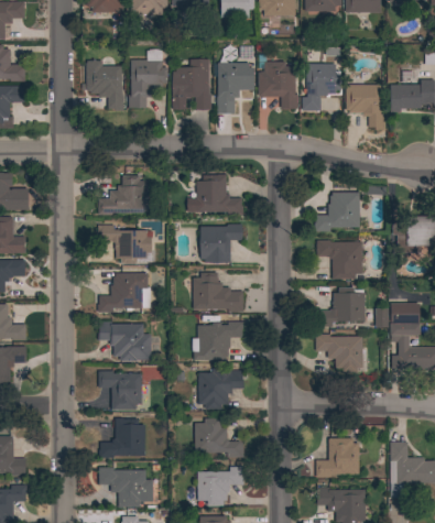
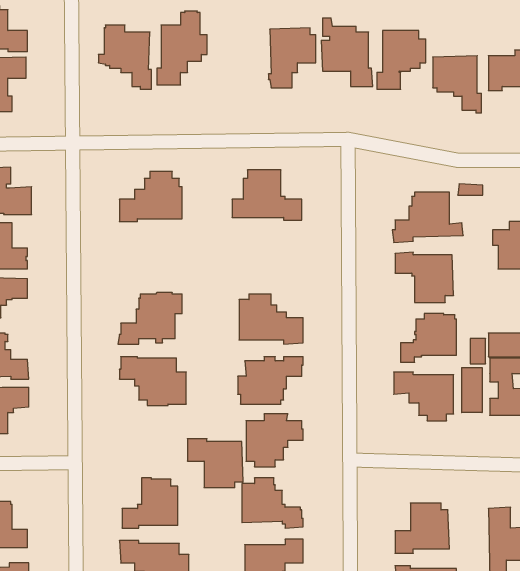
building: [172,59,211,110] -> none
building: [200,225,242,263] -> none
building: [98,226,152,264] -> none
building: none -> [462,368,482,413]
building: [98,371,142,410] -> [187,439,243,488]

